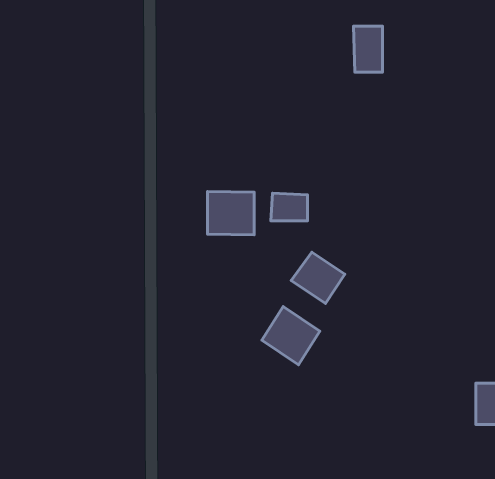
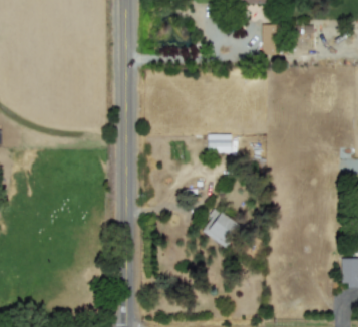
building: [208,191,254,235] -> none
building: [291,252,345,303] -> none

